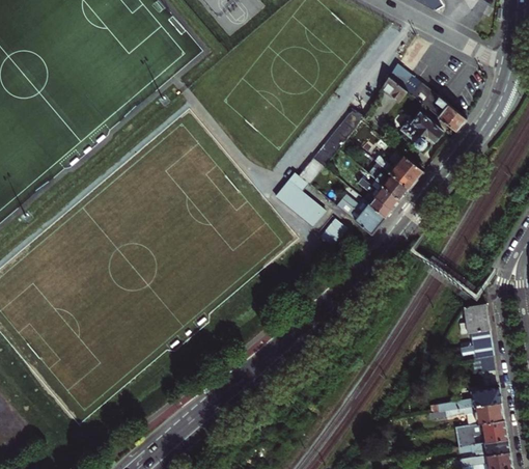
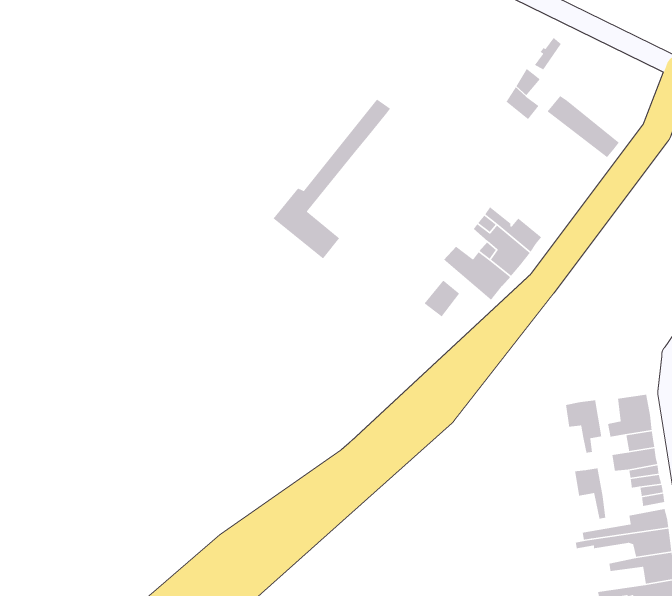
building: [277,108,364,226] -> [272,99,391,259]
building: [401,112,445,148] -> none
building: [375,154,423,187] -> none
building: none -> [565,399,602,453]
building: none -> [574,468,606,519]

